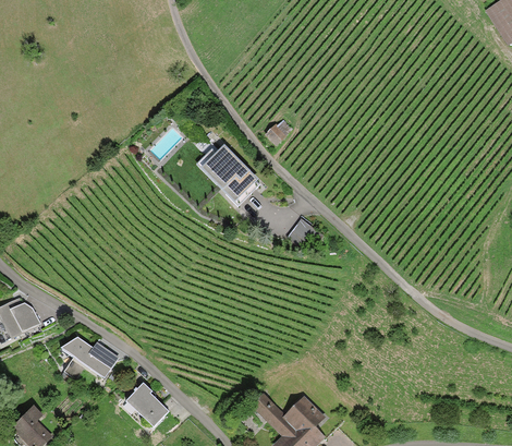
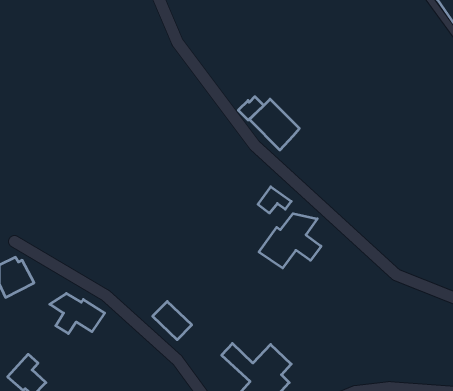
building: [202,144,257,201] -> [249,99,299,150]
building: none -> [259,214,321,268]
building: [124,385,168,427] -> [153,301,192,340]

